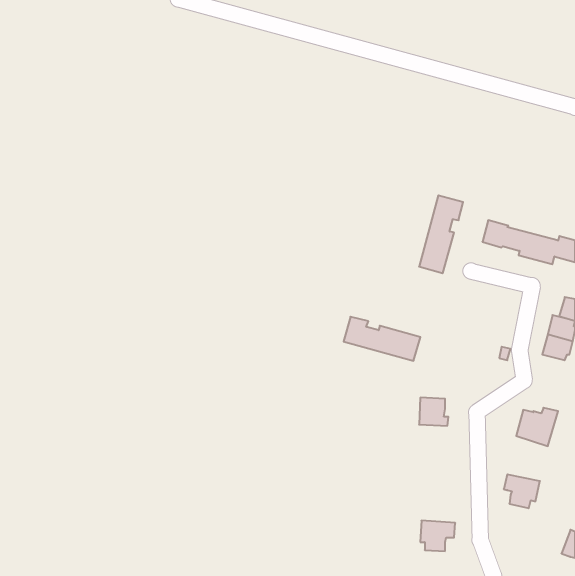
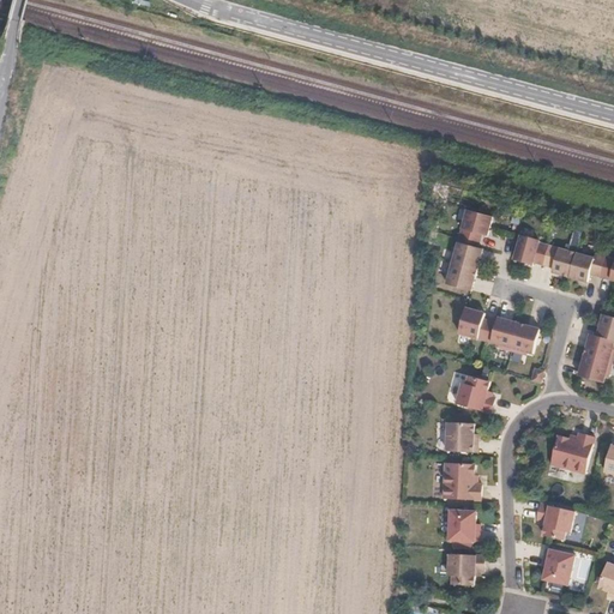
building: [344,317,420,361] -> [458,306,540,353]
building: none -> [455,375,493,413]
building: none -> [441,462,480,500]
building: none -> [447,510,477,541]
building: none -> [541,548,572,584]

